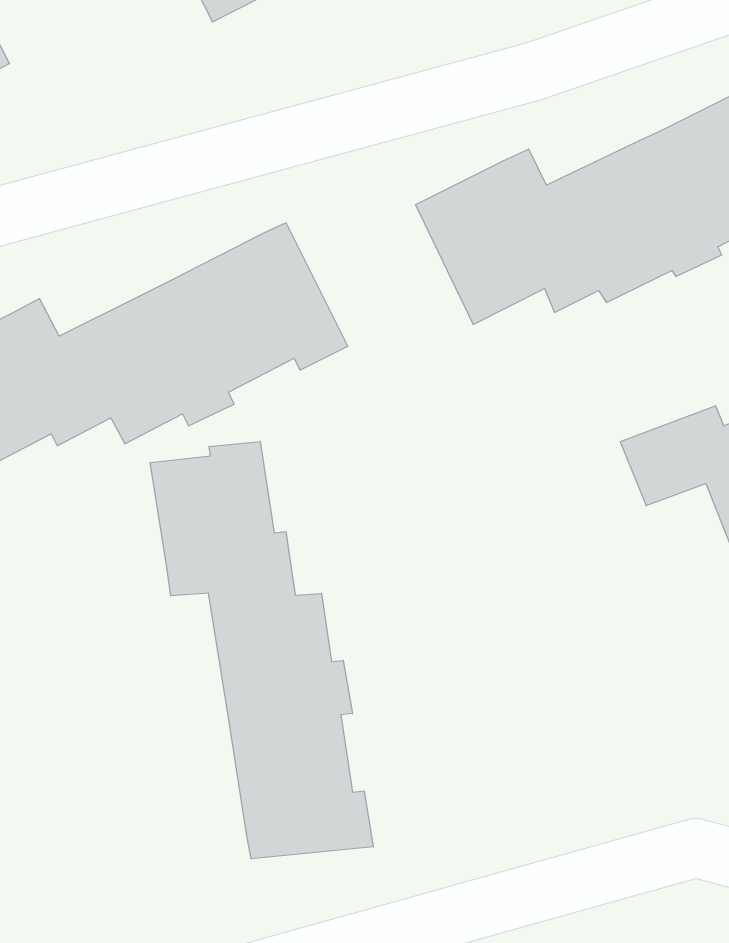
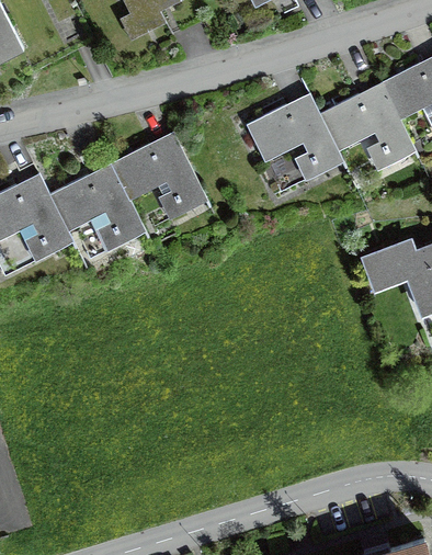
building: [150,441,373,859] -> none

